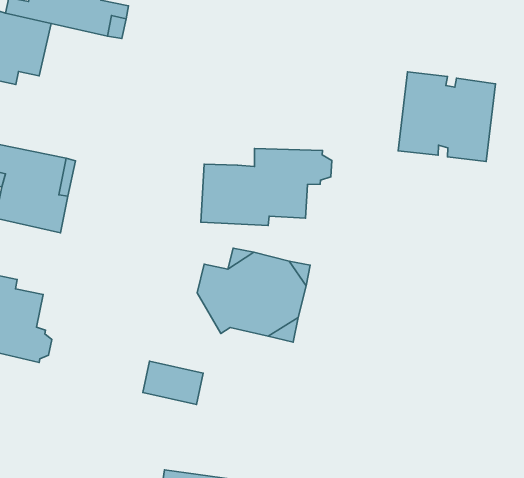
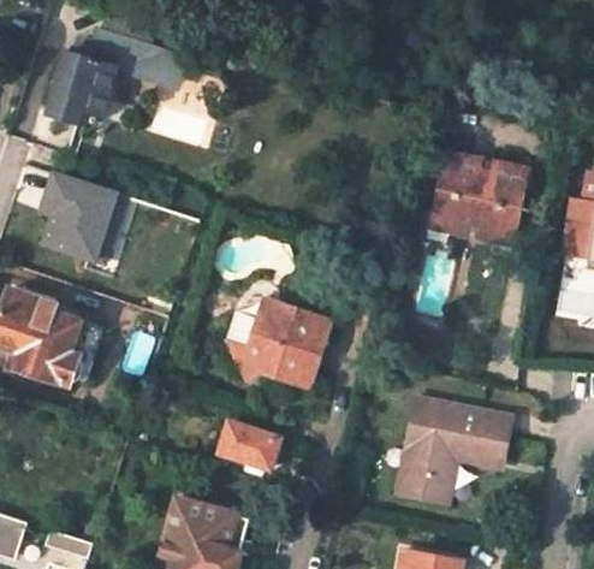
building: [201,148,332,226] -> none
building: none -> [396,401,507,505]
building: [143,361,203,404] -> [220,422,279,468]

